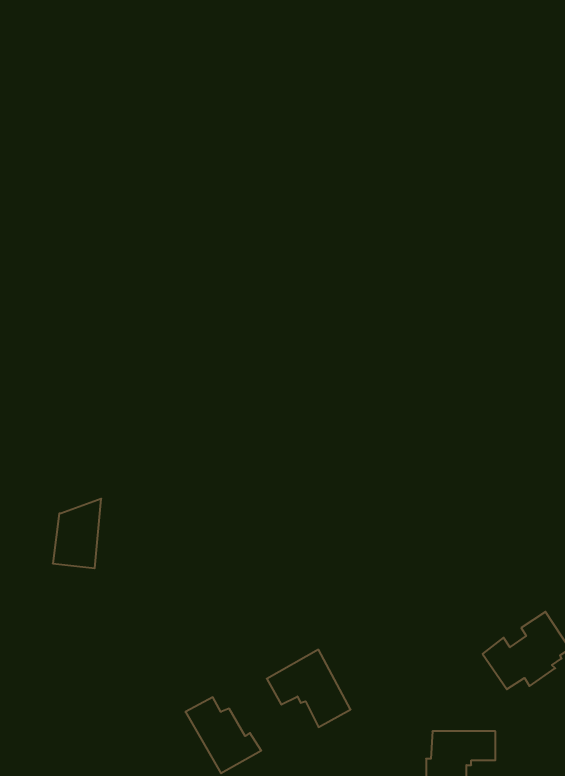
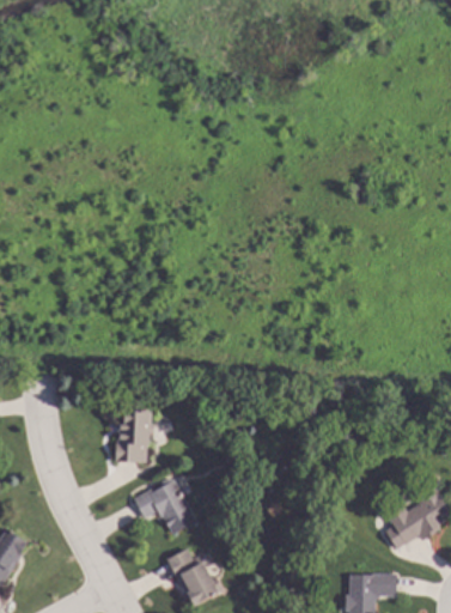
building: [53,499,101,568] -> [116,412,152,463]
building: [267,650,351,727] -> [135,478,197,535]

